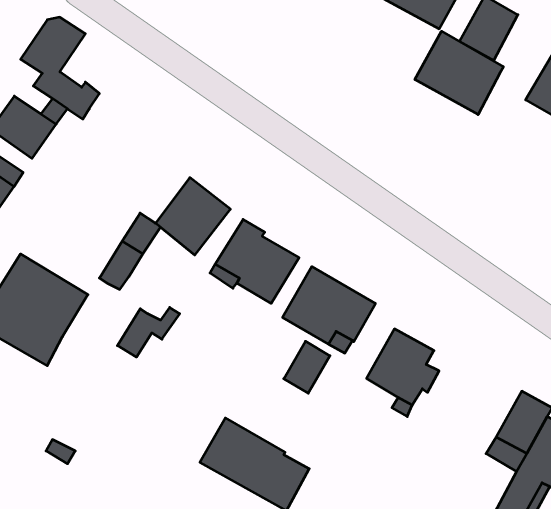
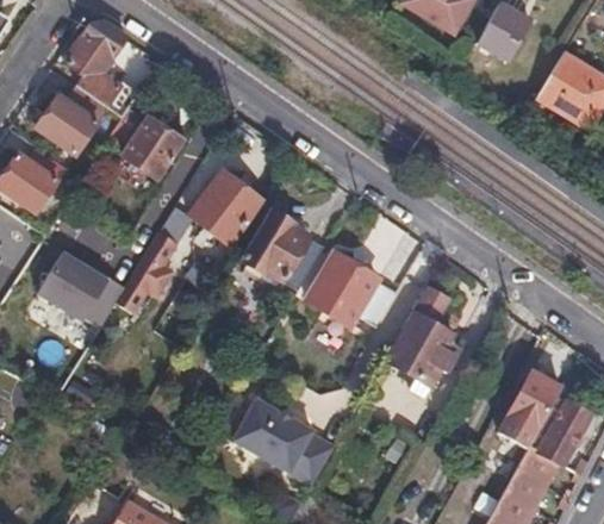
building: [415,31,503,115] -> none
building: none -> [108,107,181,179]
building: [117,307,180,357] -> [117,264,175,311]
building: [284,341,330,393] -> none

